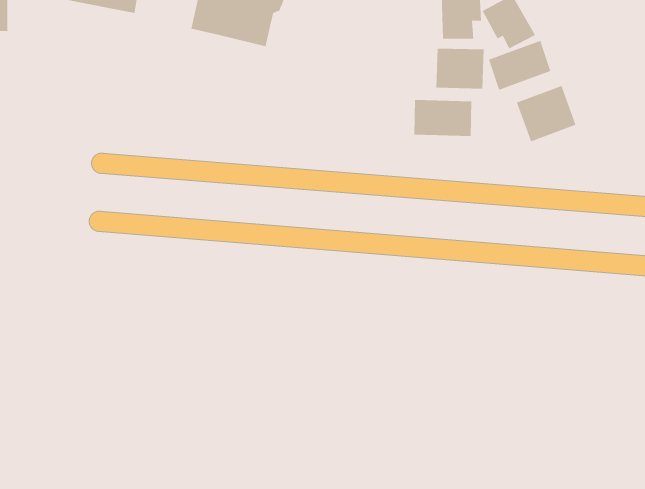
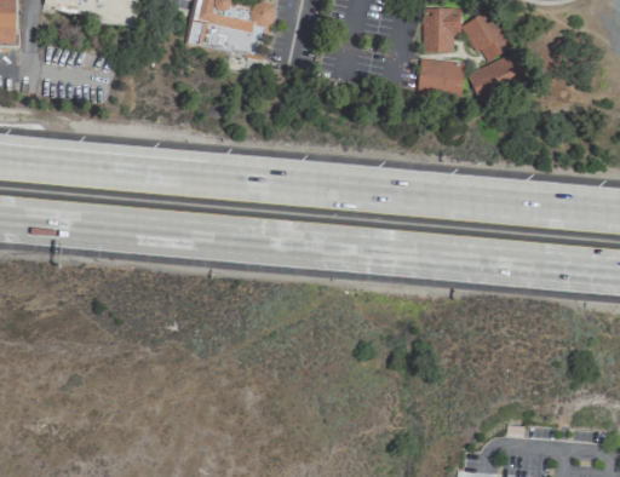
building: [516,85,576,142] -> none
building: [414,99,472,137] -> none

